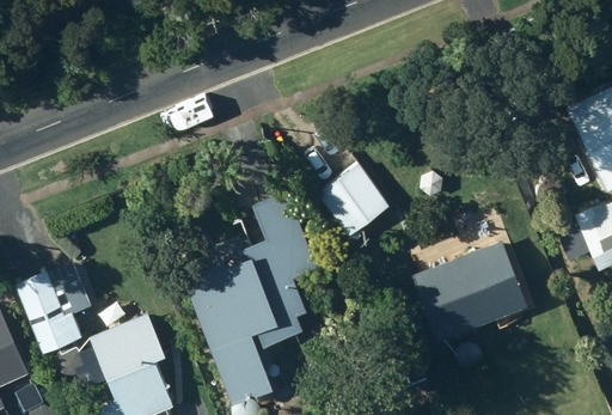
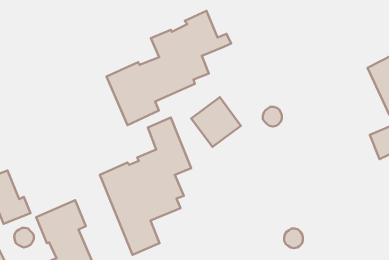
building: none -> [107,11,231,125]
building: [412,238,526,336] -> none

